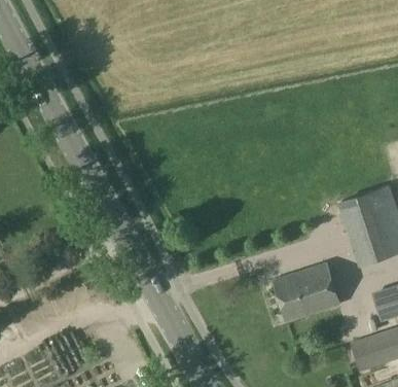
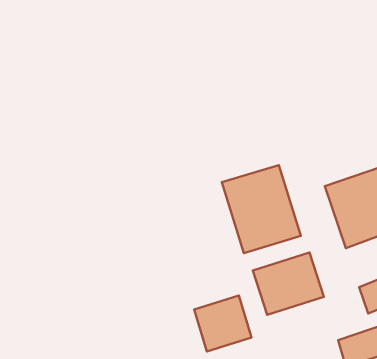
building: none -> [222,165,301,253]
building: none -> [194,296,251,351]

